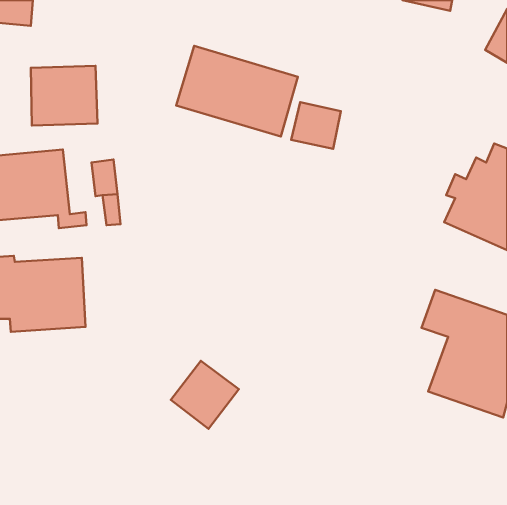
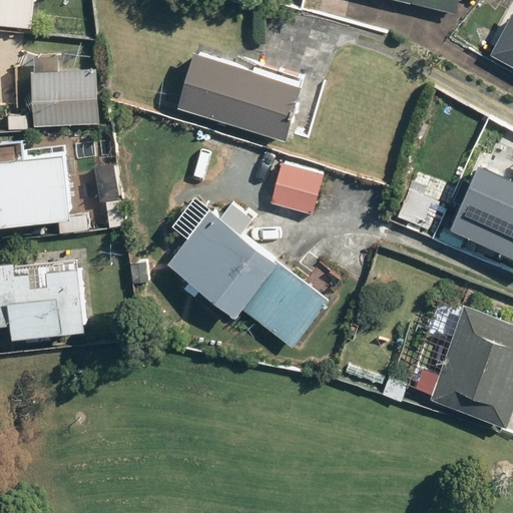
building: [291,102,341,149] -> [273,165,323,212]
building: none -> [165,197,342,348]
building: [171,361,239,429] -> none

